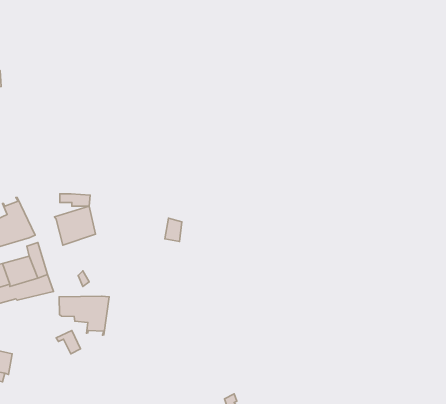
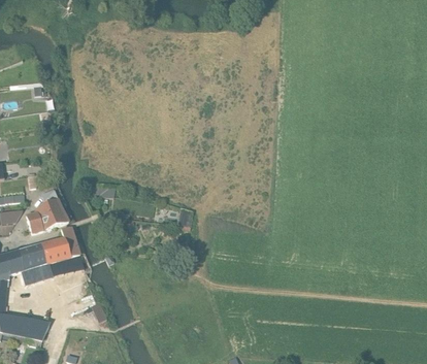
building: [54,206,95,245] -> none
building: [59,296,109,335] -> none

